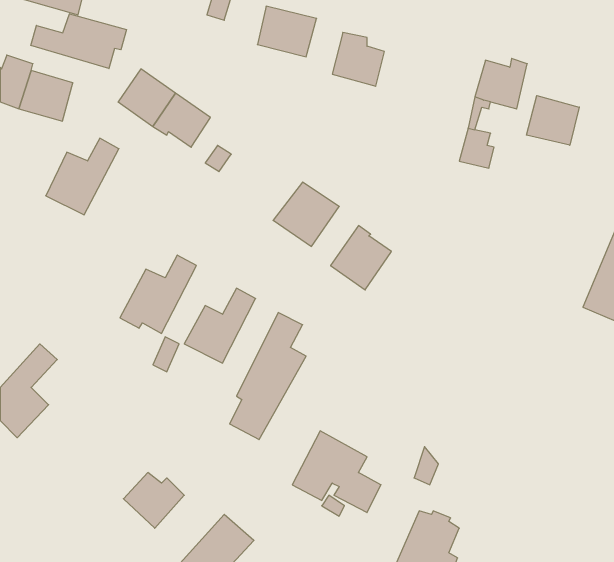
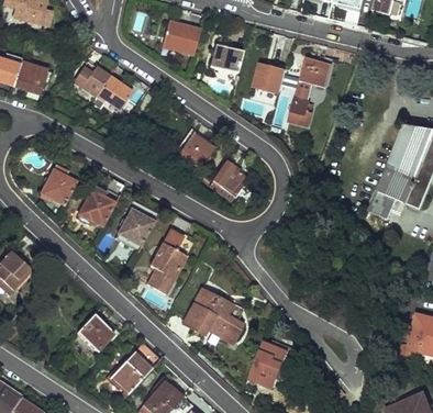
building: [31,14,126,69] -> none
building: none -> [255,60,287,92]
building: [526,96,579,145] -> none
building: [46,138,119,215] -> [40,156,86,204]

